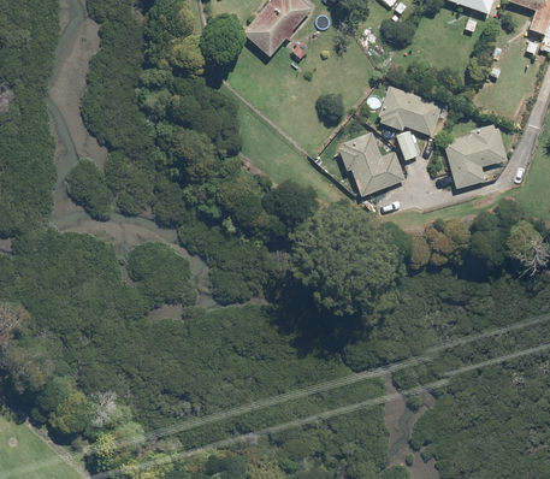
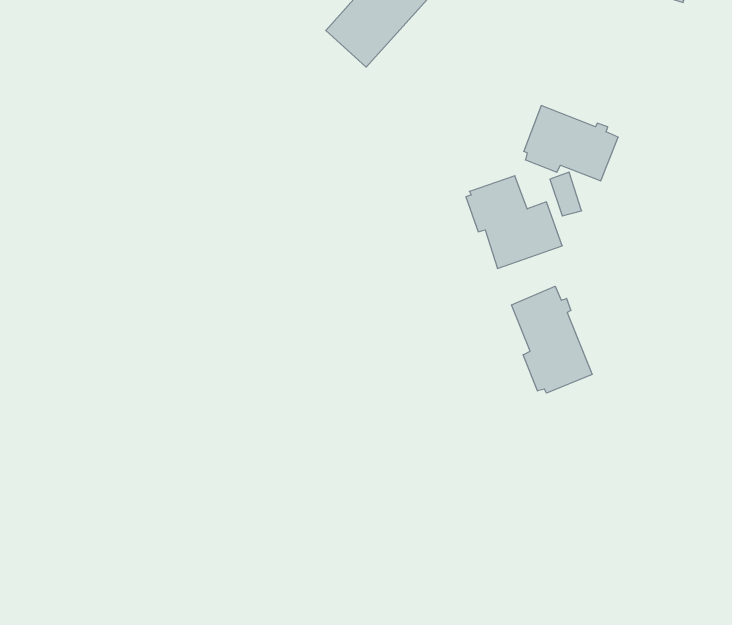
building: [444,124,508,188] -> none
building: none -> [512,286,592,393]

